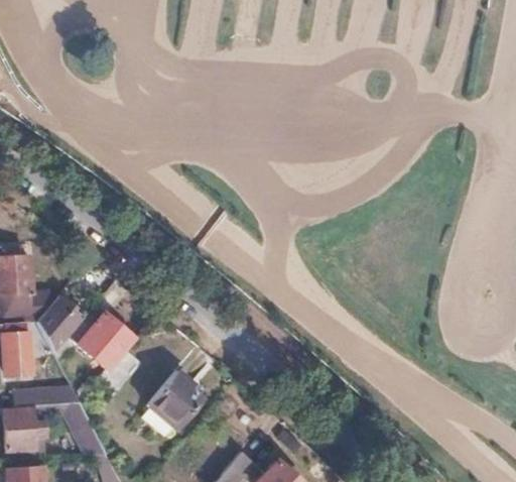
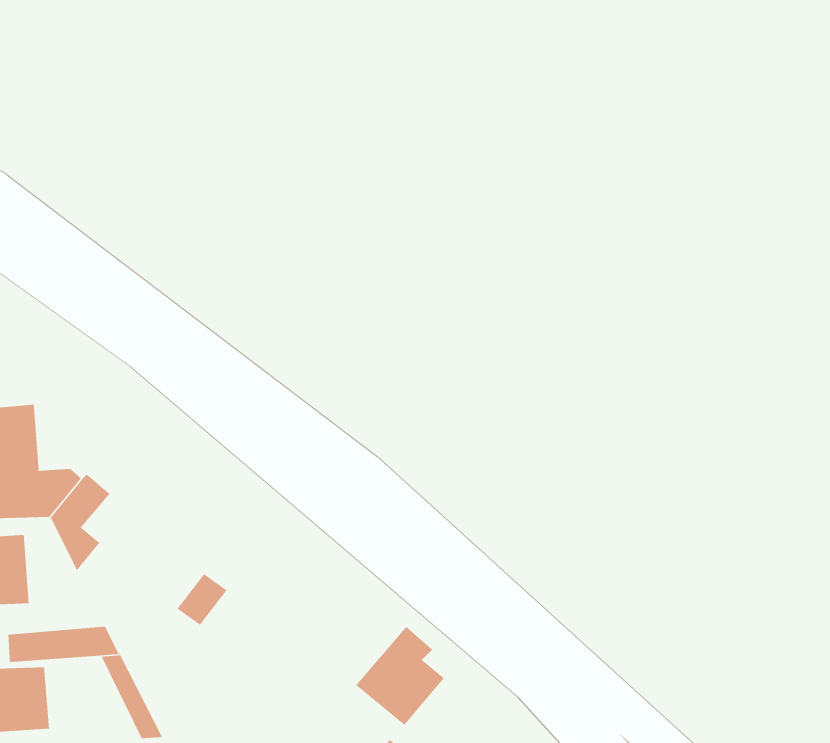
building: [68,304,136,369] -> none
building: [145,370,199,430] -> [355,626,445,726]

